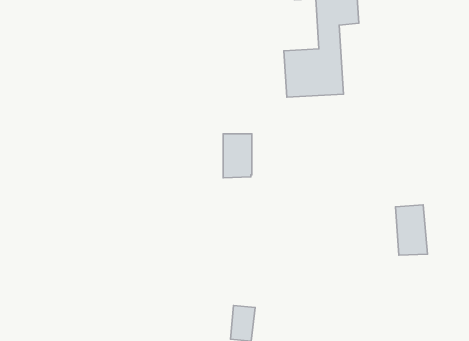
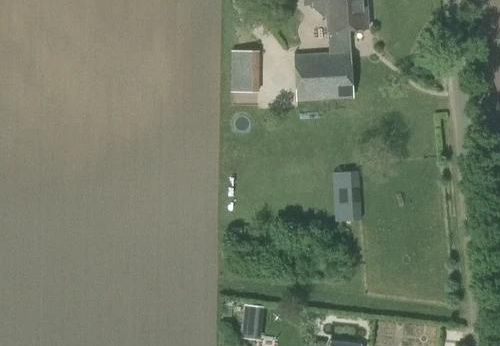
building: [223,134,252,178] -> [231,51,259,94]
building: [396,205,427,255] -> [332,170,363,219]

